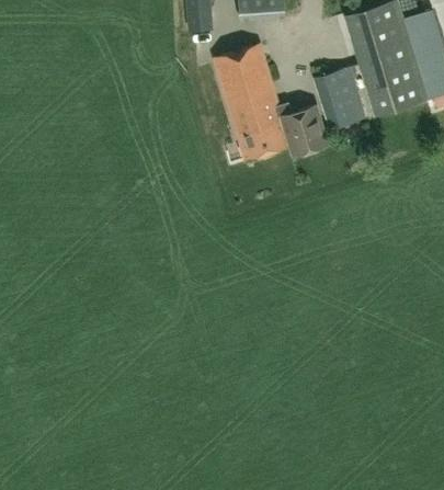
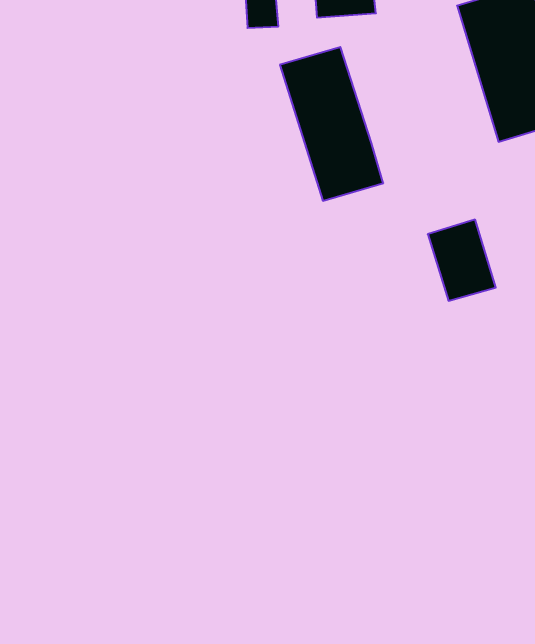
building: [315,68,365,128] -> [428,220,496,301]
building: [282,105,328,156] -> none

